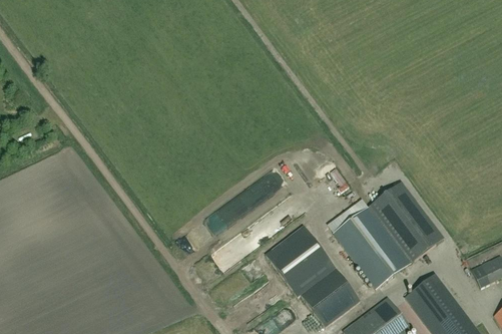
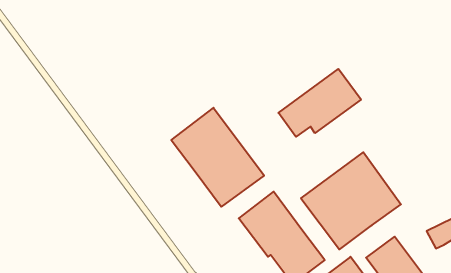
building: none -> [278,69,361,137]
building: none -> [171,108,264,207]

